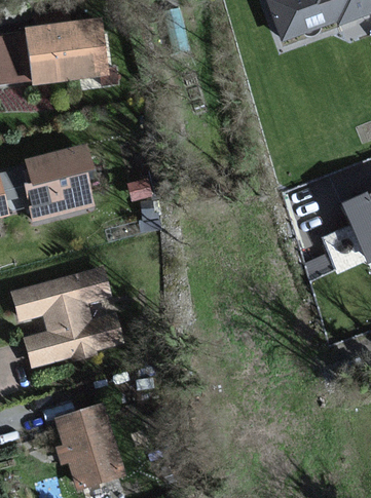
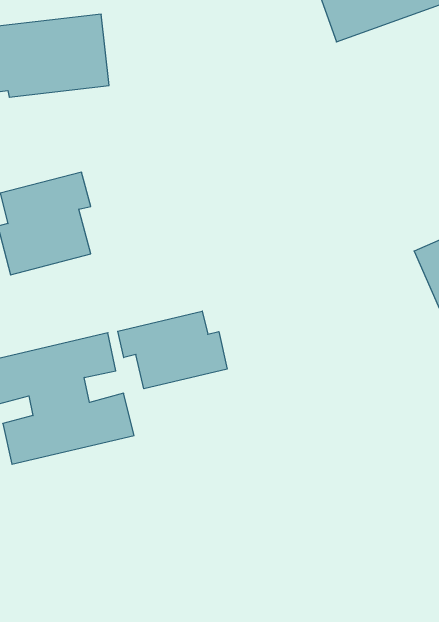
building: none -> [118,311,227,389]
building: [54,405,123,488] -> none

